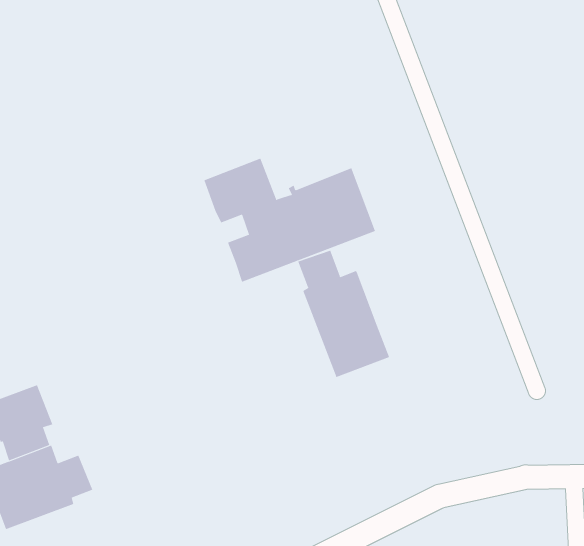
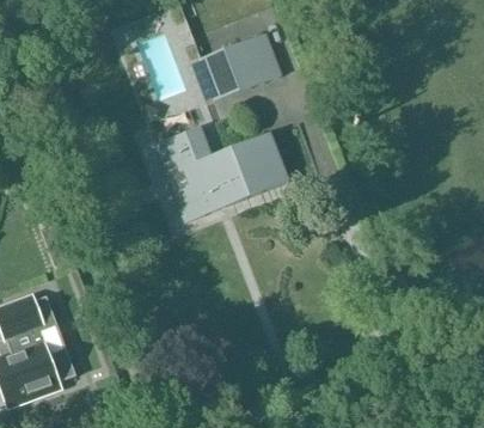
building: none -> [200,32,281,98]
building: [298,250,390,378] -> none

